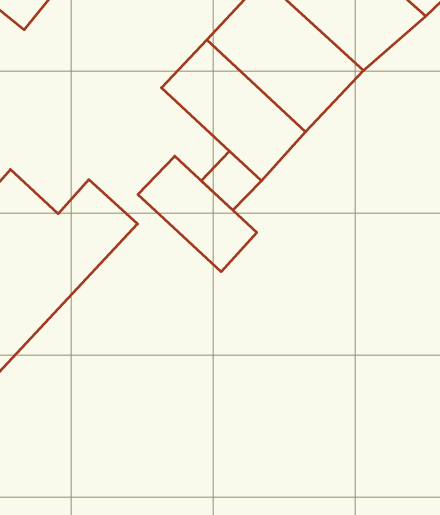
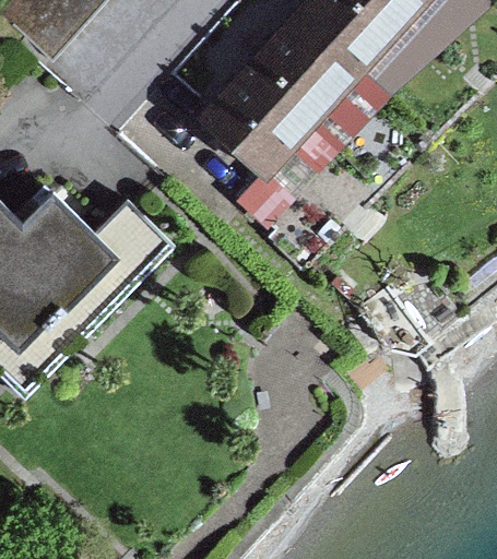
building: [138,156,257,272] -> none

